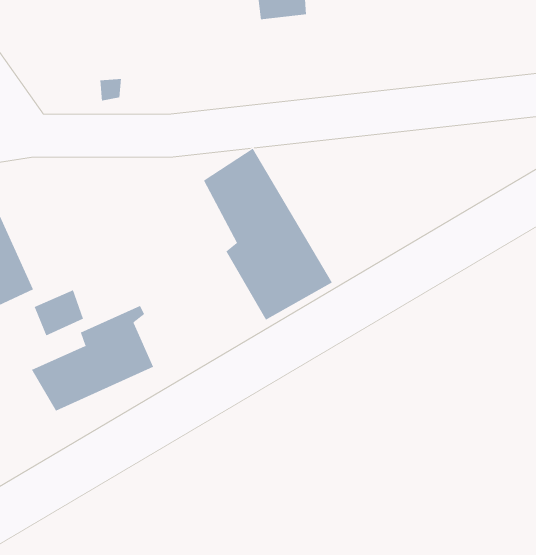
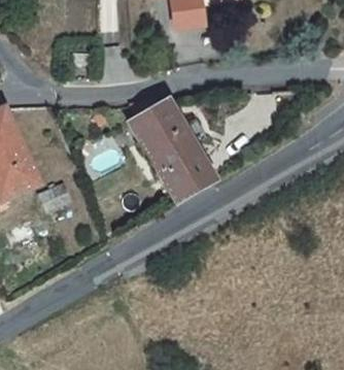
building: [31,305,154,412] -> none

